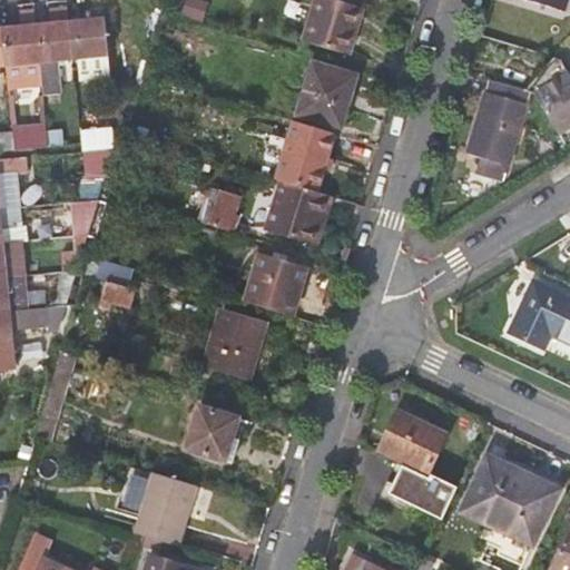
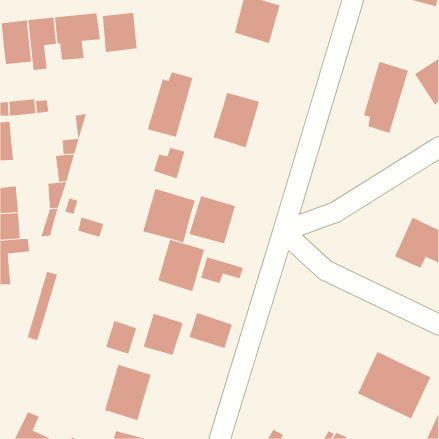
building: none -> [102,12,137,53]
building: [297,61,356,127] -> none
building: none -> [147,72,193,137]
building: [267,179,327,242] -> none
building: none -> [143,188,196,243]
building: none -> [201,257,244,284]
building: none -> [189,312,233,349]
building: [381,411,445,470] -> none
building: none -> [106,320,137,354]
building: [387,463,455,517] -> none

